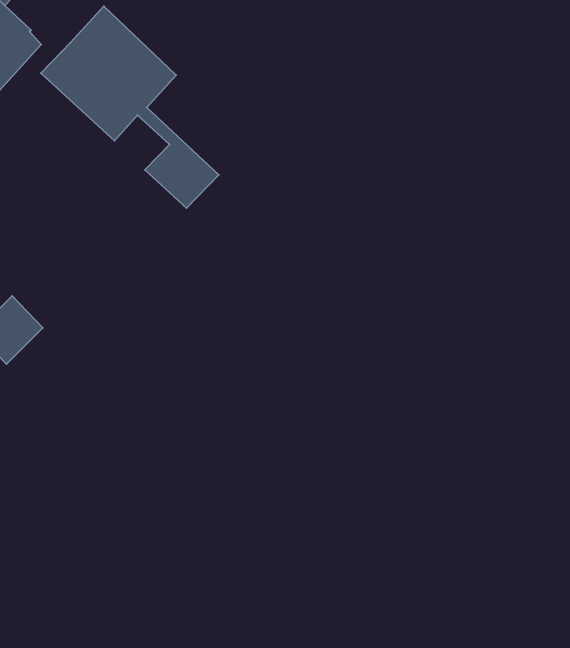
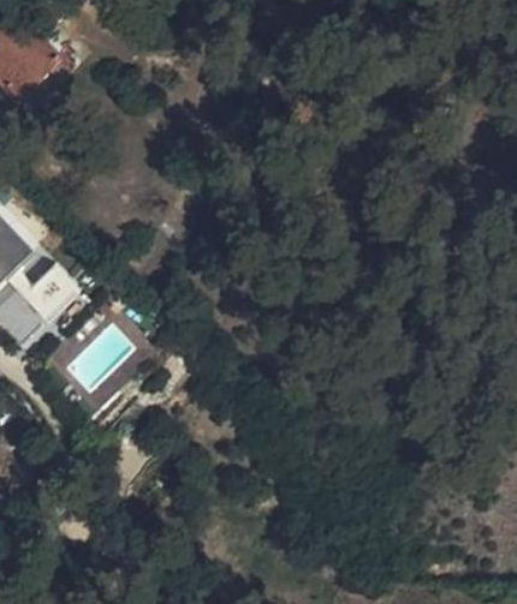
building: [41,6,219,208] -> none

